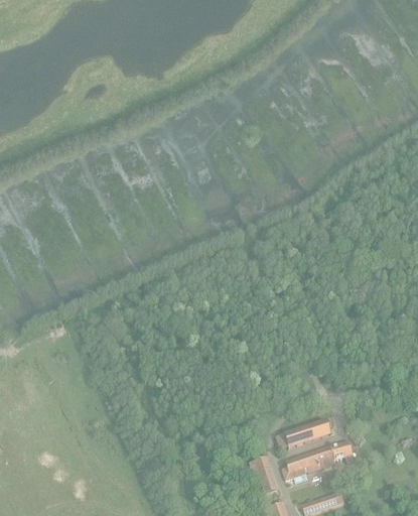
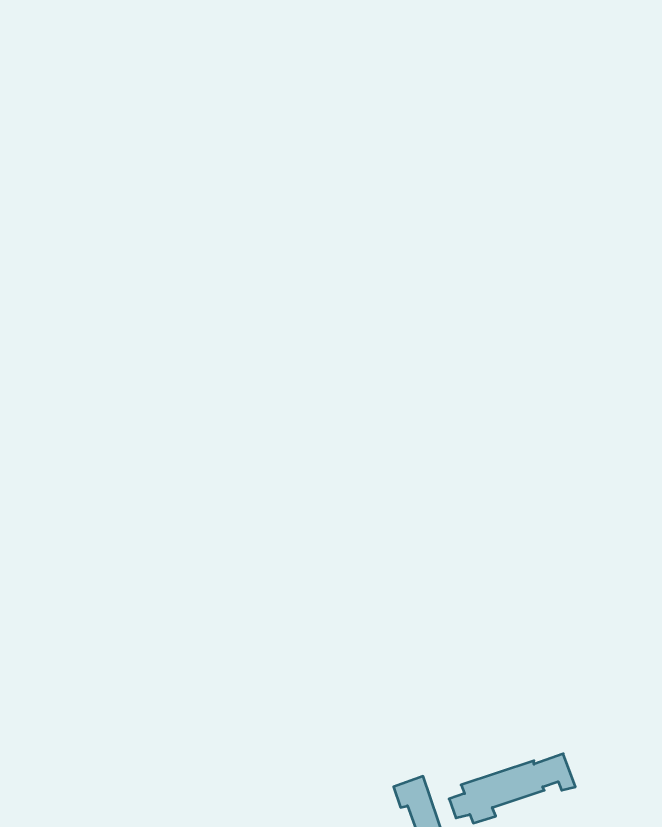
building: [283,418,329,448] -> none

